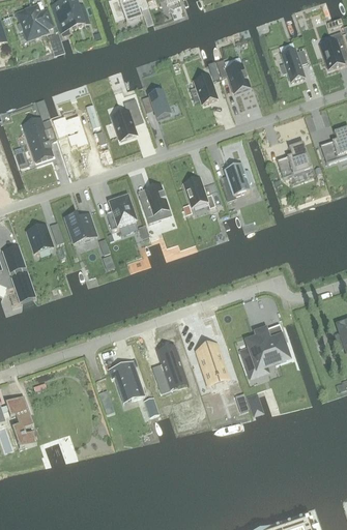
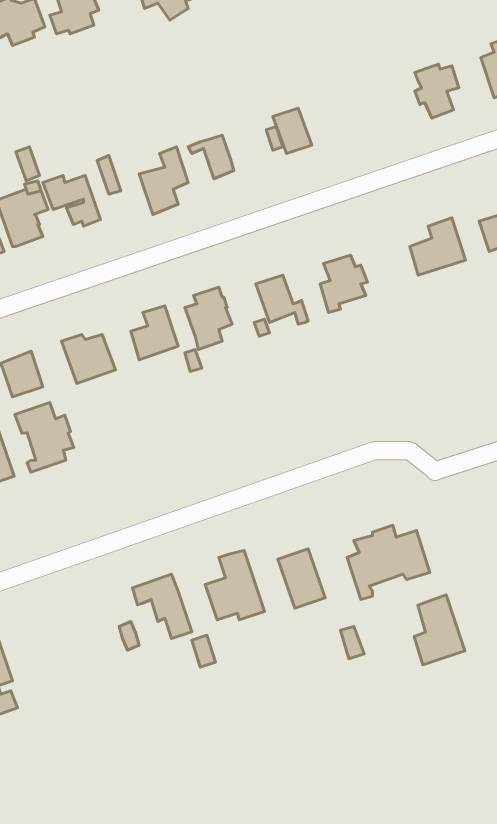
building: [214,58,250,91] -> none
building: none -> [15,402,74,472]
building: none -> [414,595,465,665]

